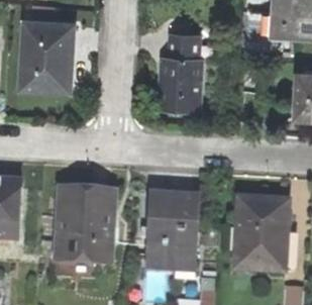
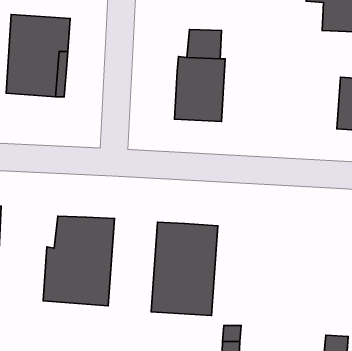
building: [234,197,286,270] -> none

